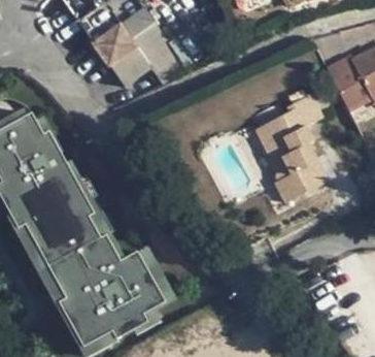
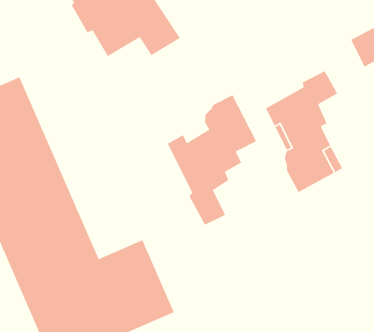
building: none -> [167,94,257,226]

